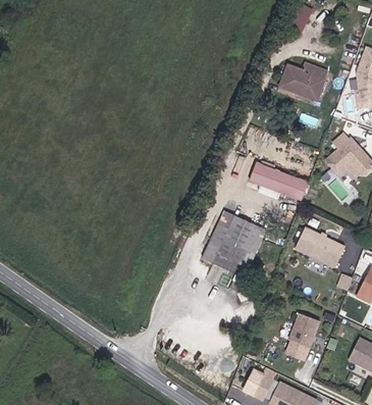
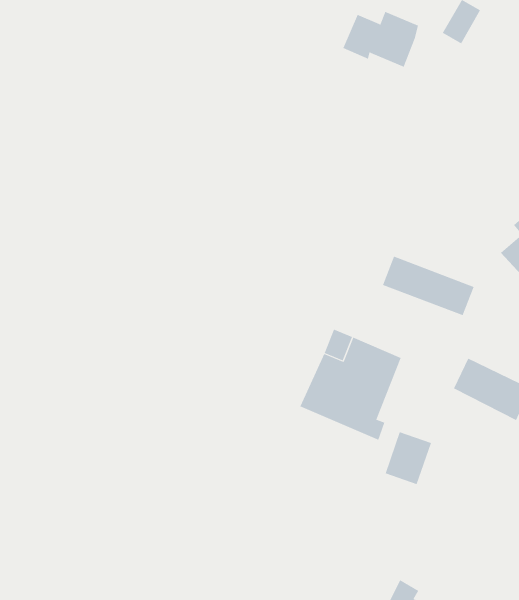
building: [274,64,322,100] -> [343,11,419,68]
building: [288,313,318,347] -> [385,431,432,485]

